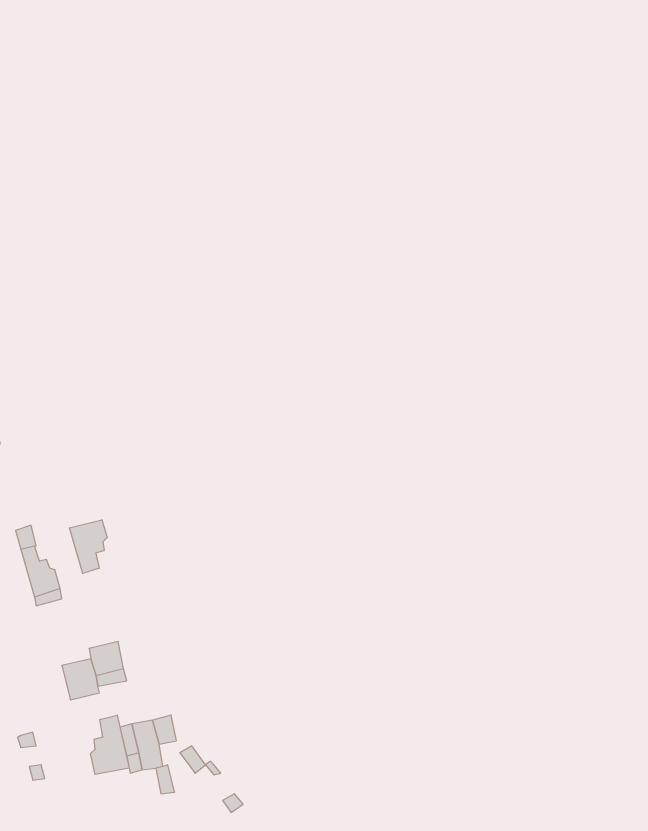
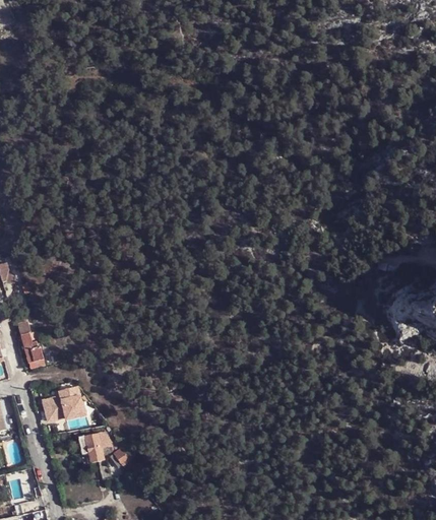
building: [70,520,107,574] -> none
building: [90,715,129,774] -> none

